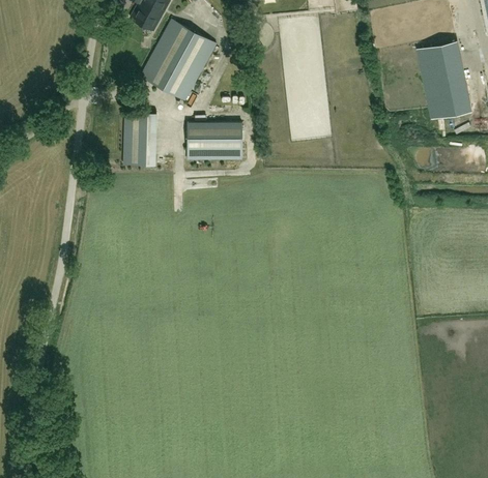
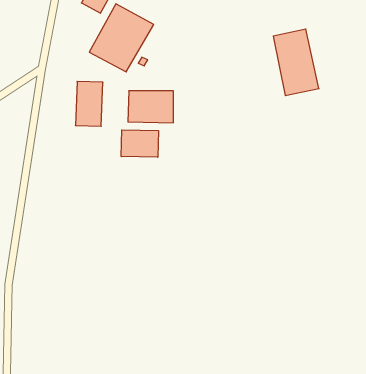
building: [413,37,468,117] -> [273,29,319,96]
building: none -> [121,130,158,157]

